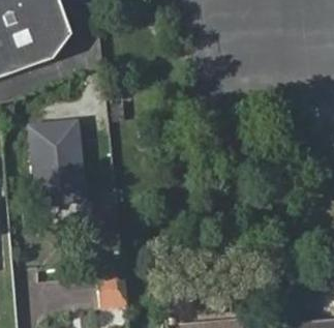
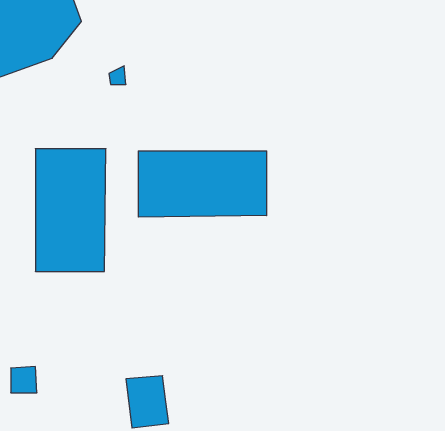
building: none -> [138,151,267,217]

